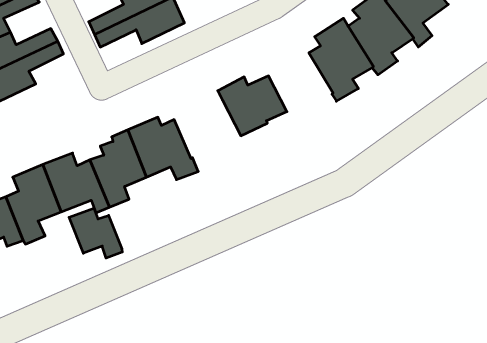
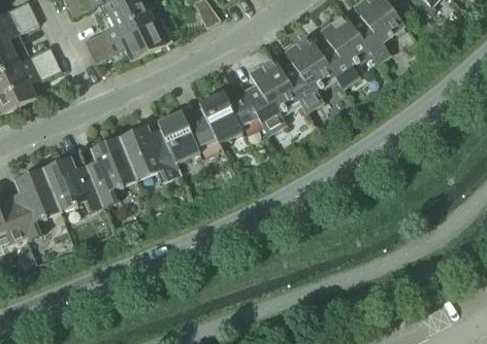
building: none -> [244,61,301,135]
building: none -> [157,107,223,164]
building: [69,208,122,258] -> none

